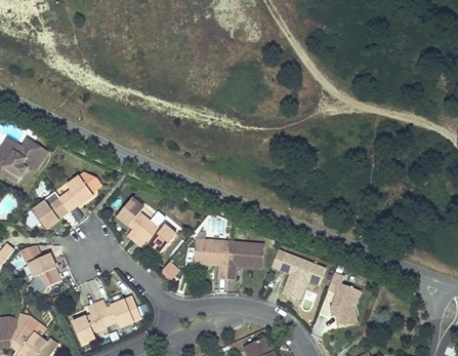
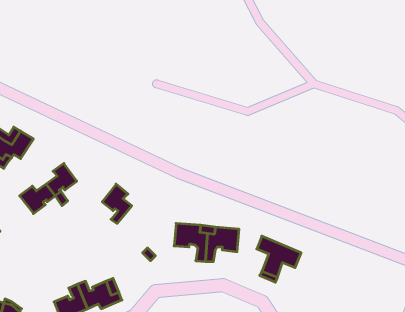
building: [134,221,177,251] -> none
building: [20,242,58,291] -> none
building: [327,271,361,324] -> none

